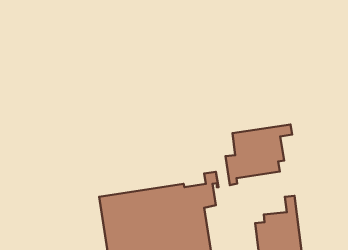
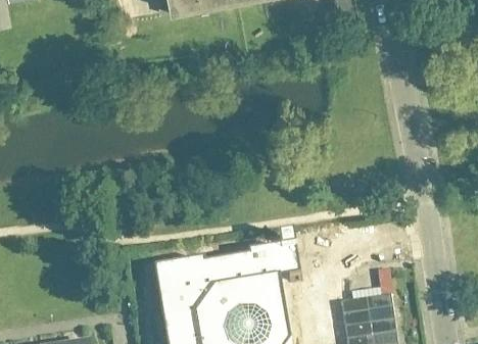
building: [226,125,292,185] -> none

